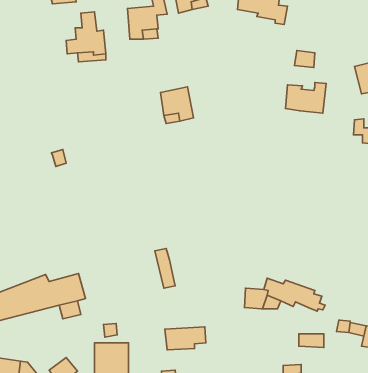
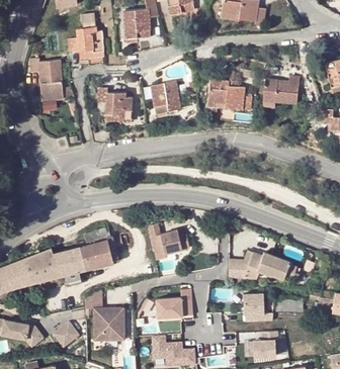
building: none -> [29,60,62,97]
building: none -> [207,81,252,111]
building: none -> [97,88,133,119]
building: none -> [79,229,122,270]
building: none -> [160,232,189,255]
building: none -> [242,292,271,320]

